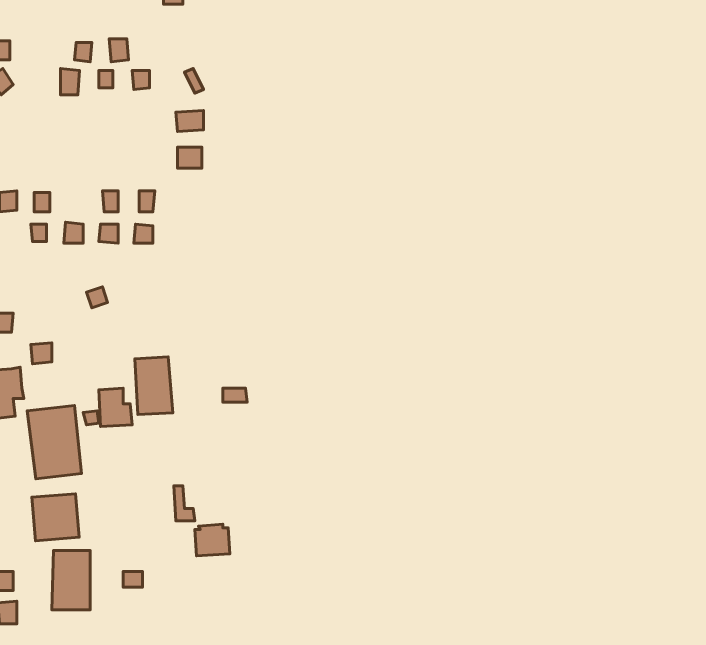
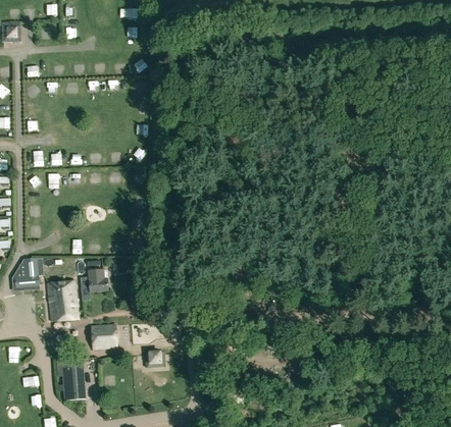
building: [135,357,173,415] -> none
building: [32,494,79,541] -> [91,322,118,350]

